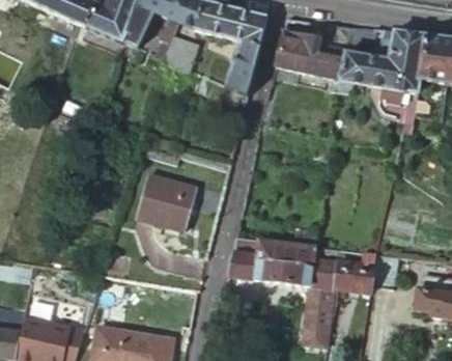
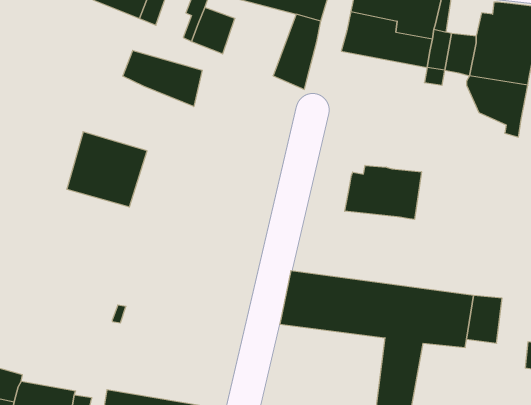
building: none -> [123,50,202,107]
building: none -> [345,165,421,219]
building: [135,172,196,229] -> [67,132,147,207]

